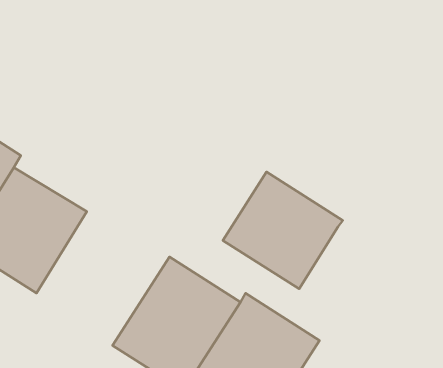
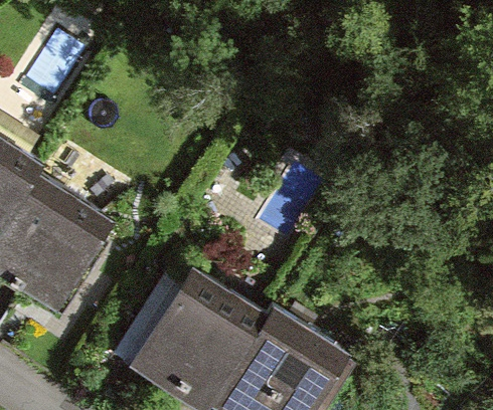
building: [223,172,343,289] -> none

